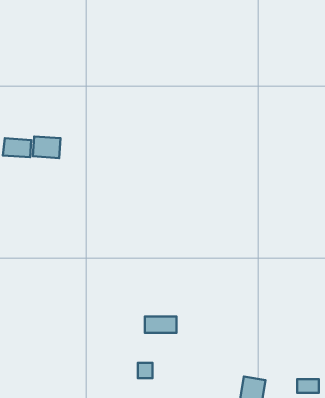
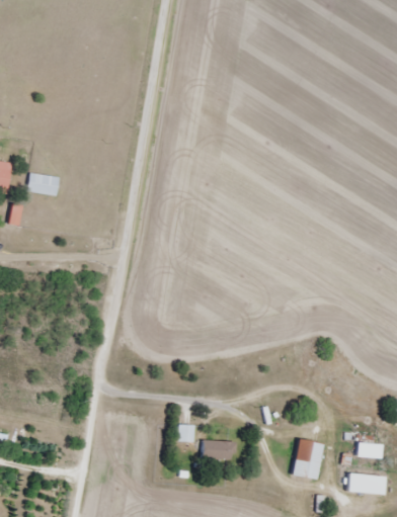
building: [33,137,60,158] -> none
building: [145,317,177,333] -> [201,440,236,458]

